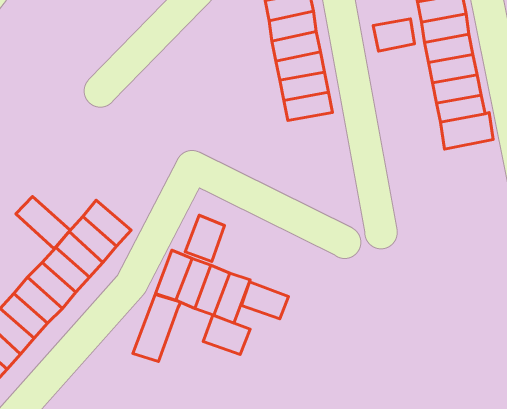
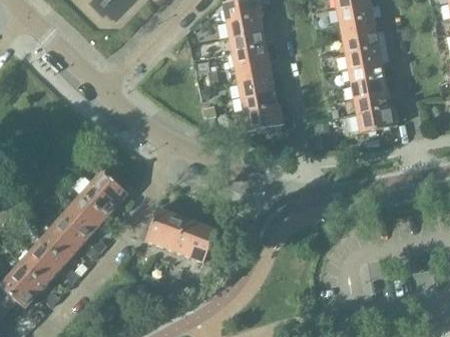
building: [373,19,414,51] -> none
building: none -> [244,104,283,134]
building: [16,197,70,249] -> none
building: [185,215,225,261] -> none
building: [241,282,288,319] -> none
building: [133,294,181,362] -> none
building: [203,315,250,355] -> none

